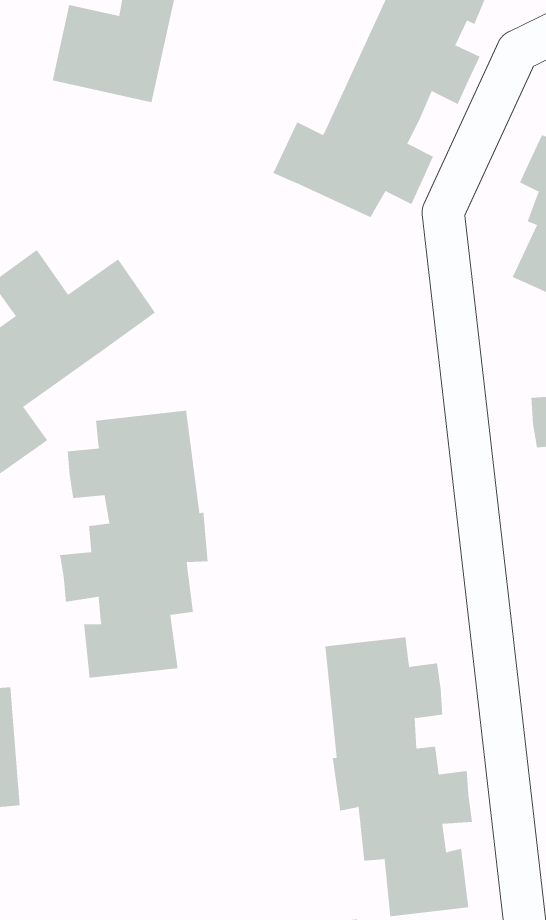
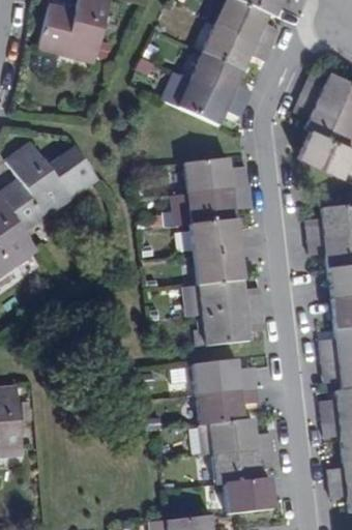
building: none -> [172,157,266,346]
building: [60,410,208,679] -> none

